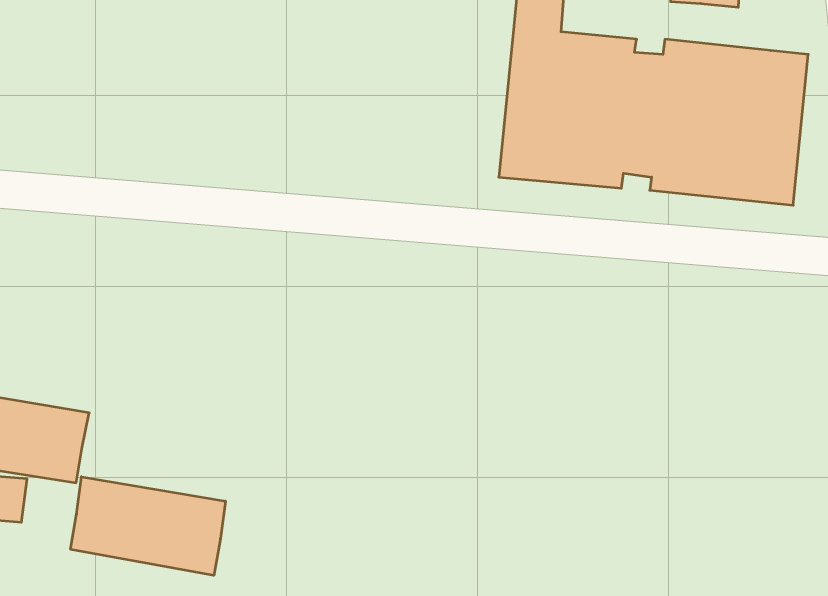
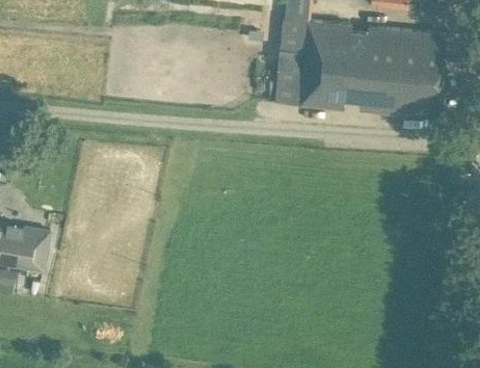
building: [71,477,225,575] -> none

